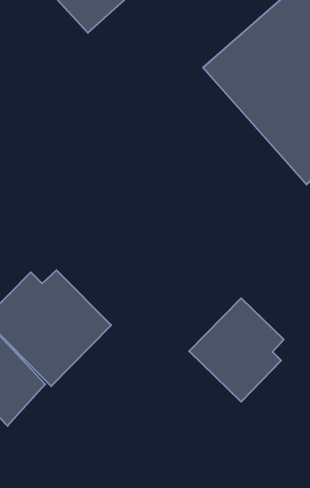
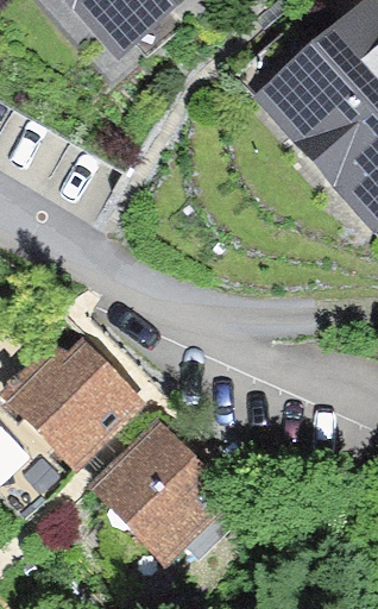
building: [189,298,284,402] -> none
building: none -> [86,412,233,559]

